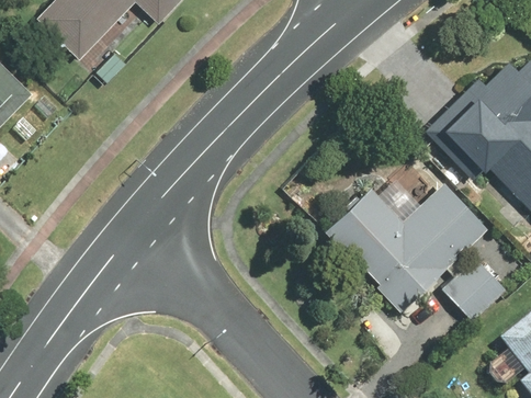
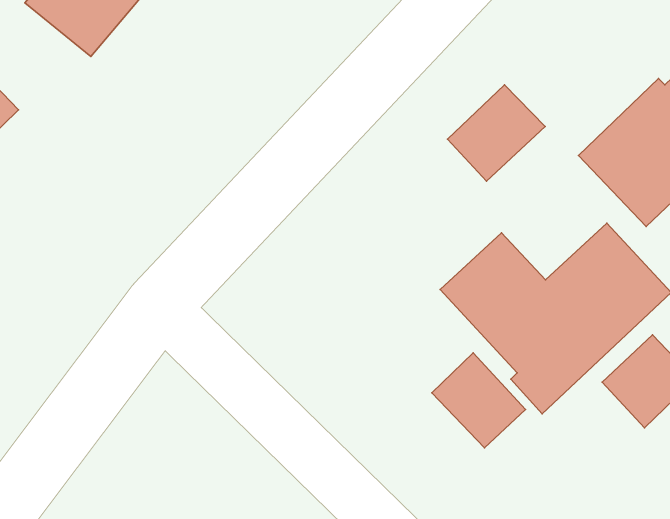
building: none -> [447,85,545,181]
building: none -> [432,353,526,448]

